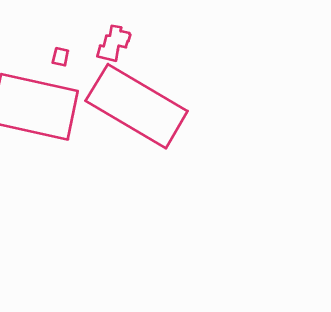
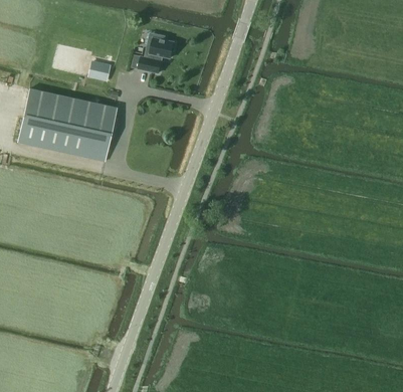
building: [85,64,188,148] -> none

